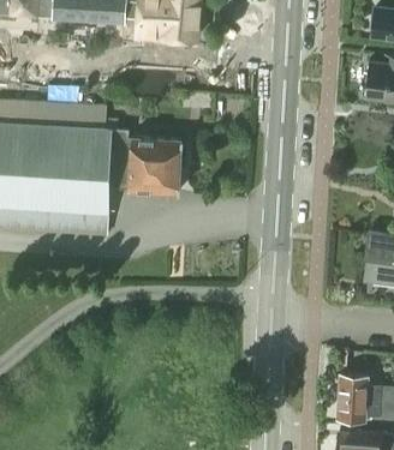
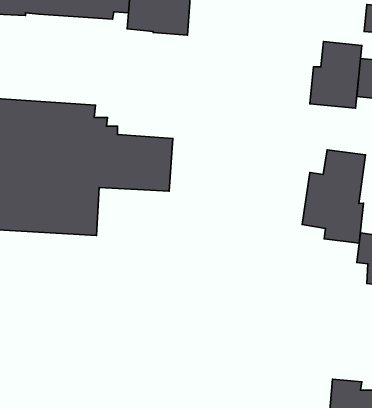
building: none -> [310,41,362,108]
building: none -> [302,150,365,243]

